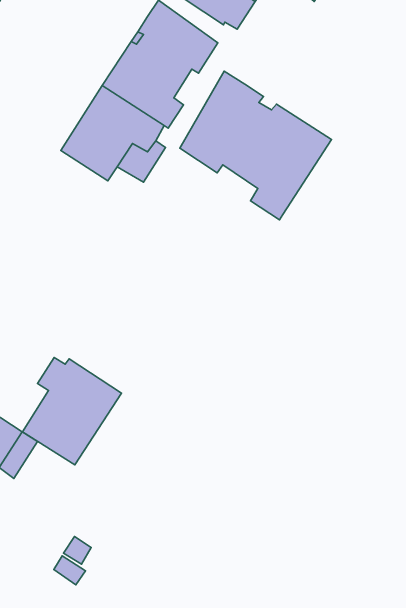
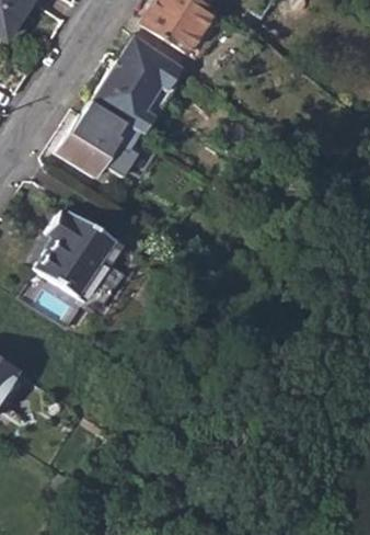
building: [180,71,332,220] -> none
building: [22,357,122,465] -> [34,210,113,296]

